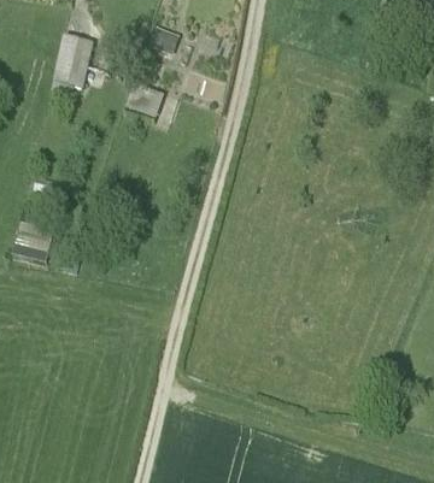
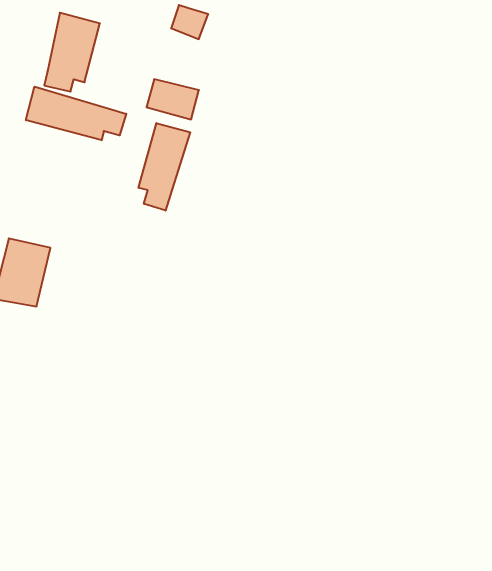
building: none -> [26,87,126,140]
building: none -> [139,123,190,211]

